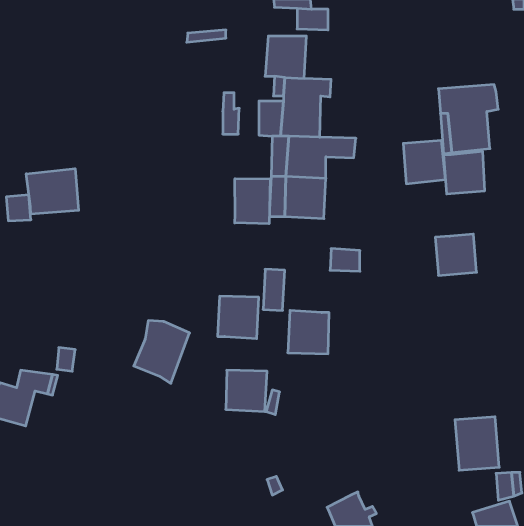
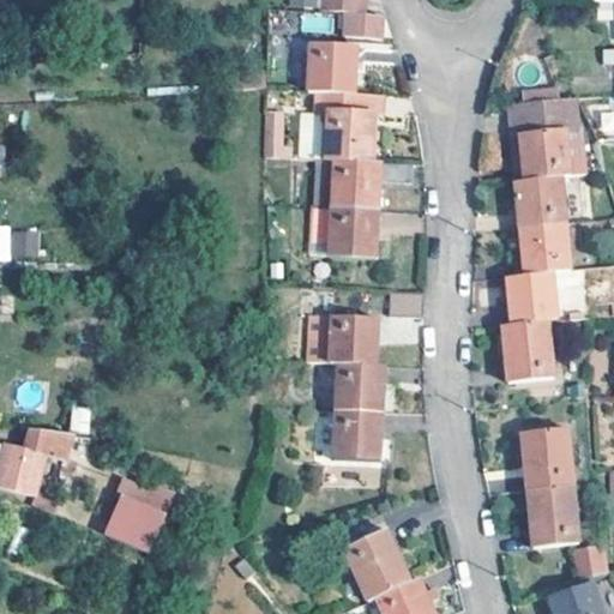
building: [403,140,446,184] -> [519,222,568,272]
building: [26,169,79,214] -> none
building: [235,179,270,224] -> none
building: none -> [502,320,554,383]
building: [218,296,259,339] -> [329,314,377,363]
building: [134,321,190,383] -> [103,484,168,558]
building: none -> [524,428,576,488]
building: [226,370,267,412] -> [333,410,381,458]
building: none -> [343,526,408,596]

